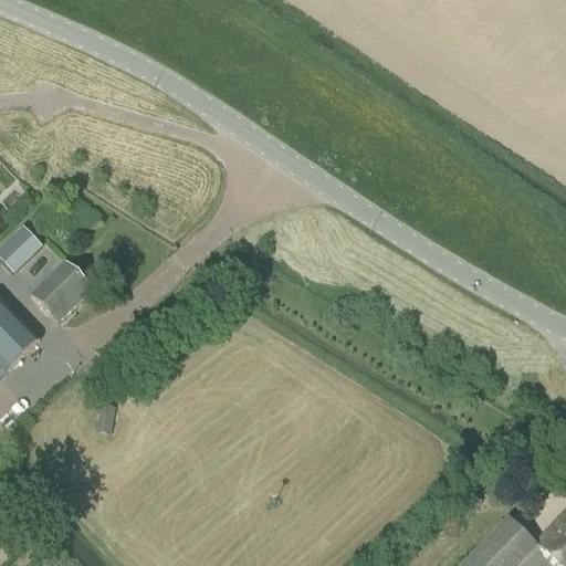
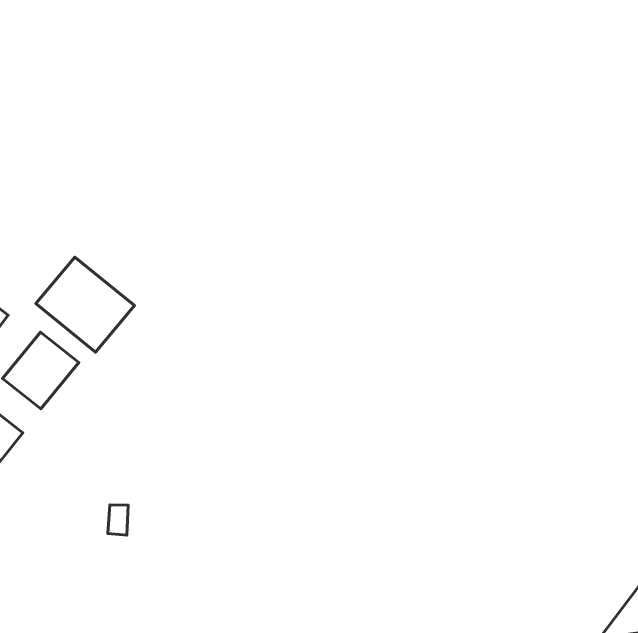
building: none -> [36,257,134,352]

